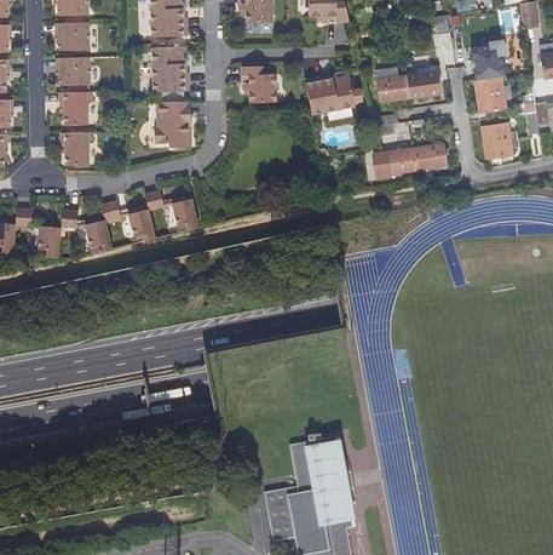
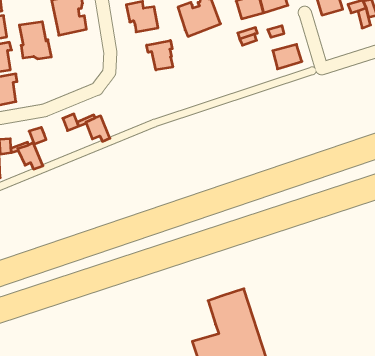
building: [156,101,191,145] -> [19,22,51,59]
building: none -> [147,40,173,70]
building: [482,124,513,159] -> none
building: [374,148,416,179] -> none
building: [128,208,155,240] -> none

